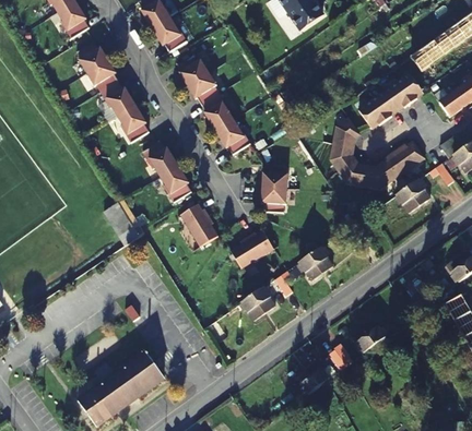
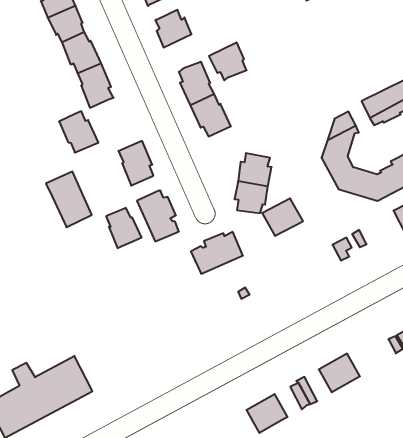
building: [186,72,219,105] -> [209,43,247,80]
building: [143,142,178,177] -> [59,111,98,153]
building: none -> [106,208,141,248]
building: [297,249,332,282] -> [262,198,303,236]
building: [240,289,274,322] -> none

